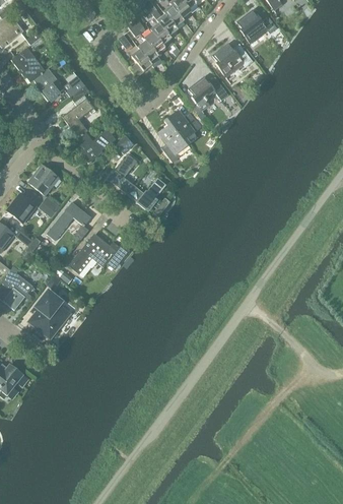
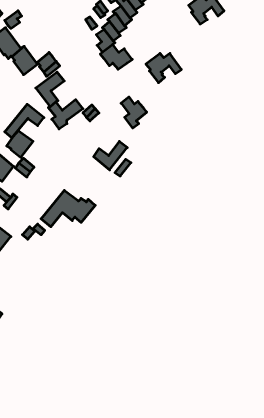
building: [212,43,253,76] -> none
building: [164,110,201,138] -> [100,44,132,69]
building: [109,153,137,194] -> none
building: [47,201,91,240] -> [5,104,44,138]
building: [29,291,69,337] -> none

